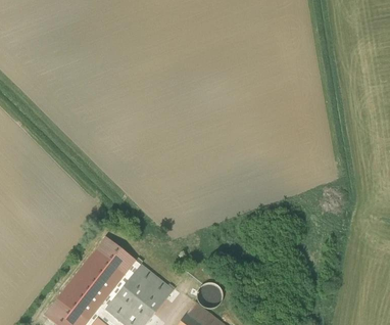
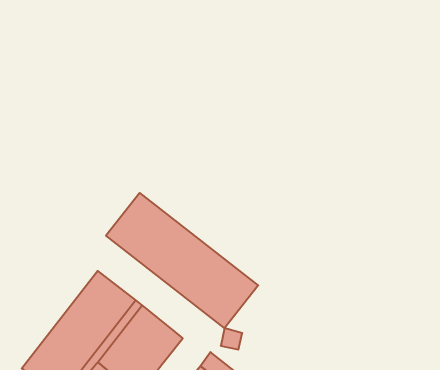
building: none -> [106,193,258,328]

